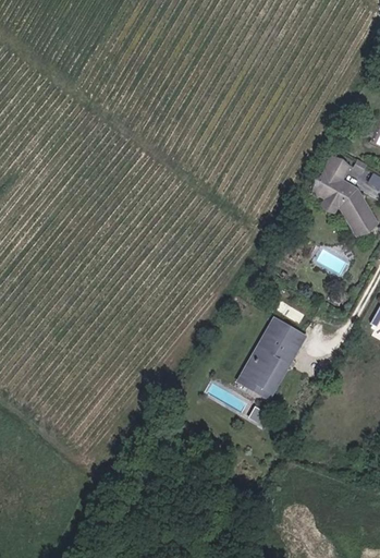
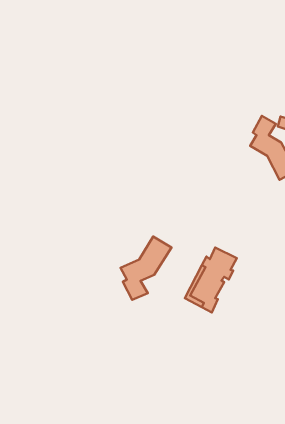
building: none -> [120,237,171,300]

